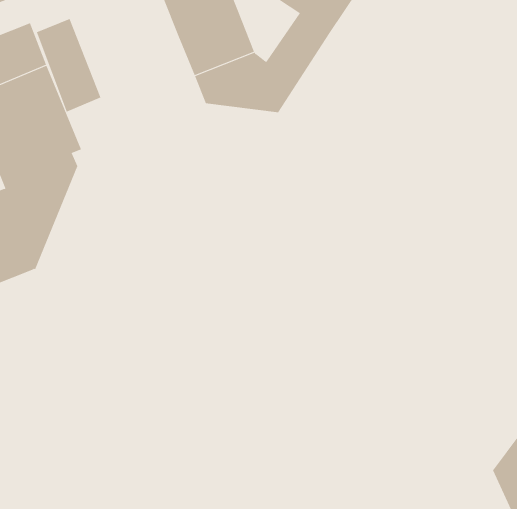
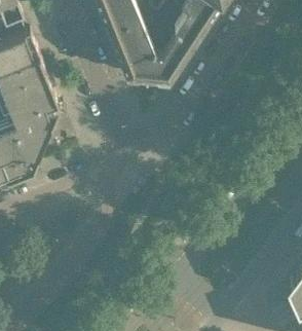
building: [36,18,101,113] -> none

